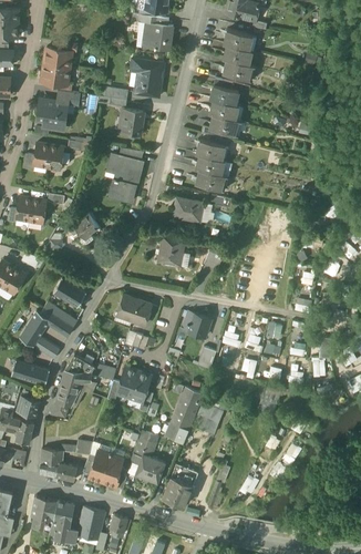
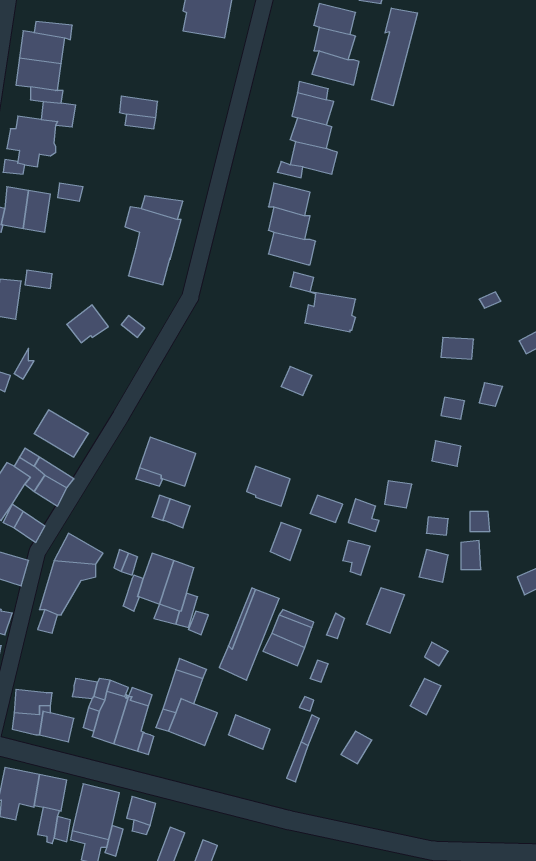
building: none -> [372,8,418,106]
building: [131,59,164,96] -> none
building: [117,109,143,135] -> none
building: [173,197,204,222] -> [305,292,356,332]
building: [157,235,185,265] -> none
building: [163,476,193,506] -> none

